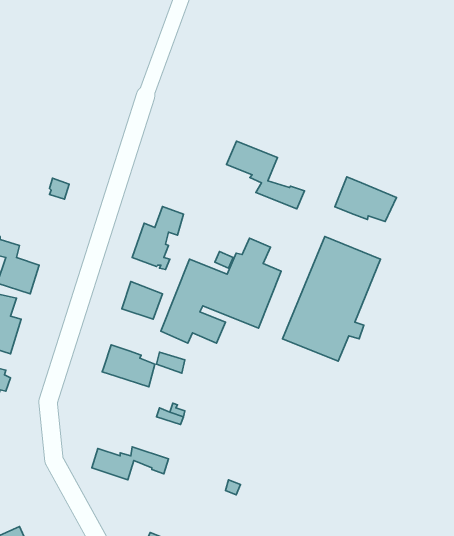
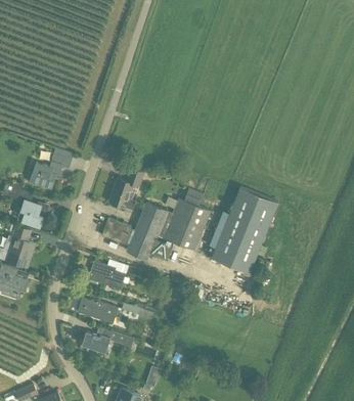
building: [227,141,305,209] -> none
building: [335,177,397,221] -> none
building: none -> [28,162,62,189]
building: none -> [76,298,116,323]

